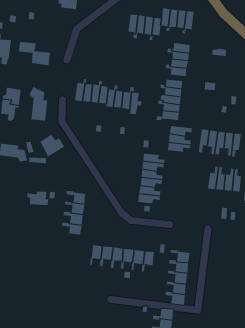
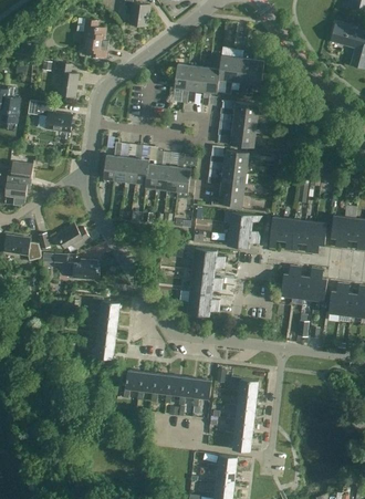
building: none -> [56,63,77,97]
building: [29,86,48,121] -> none
building: [27,191,49,205] -> [70,261,100,280]

